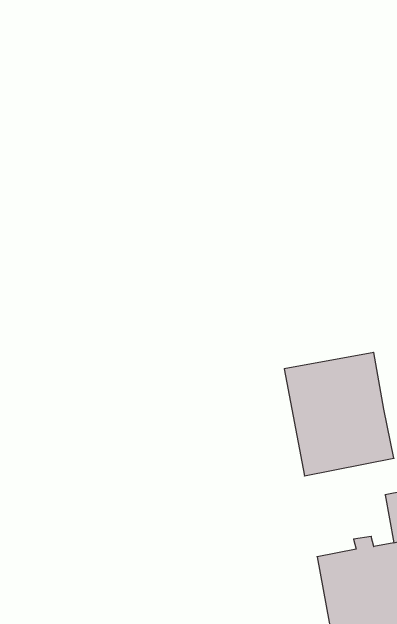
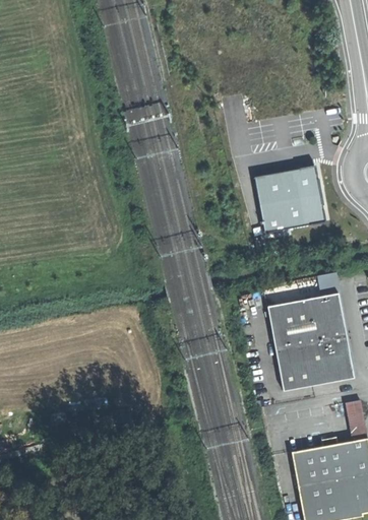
building: none -> [255,167,326,231]

